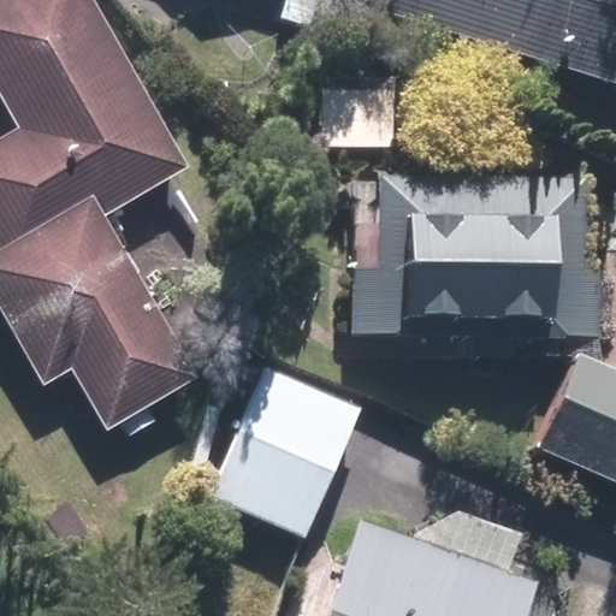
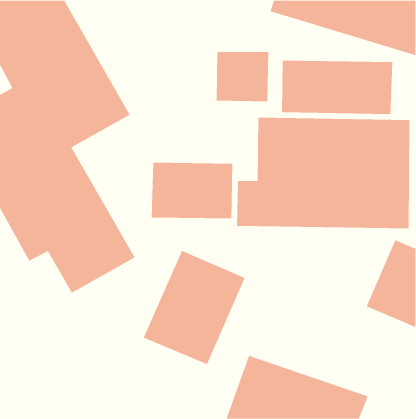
building: none -> [281,60,393,115]
building: none -> [151,162,233,219]

